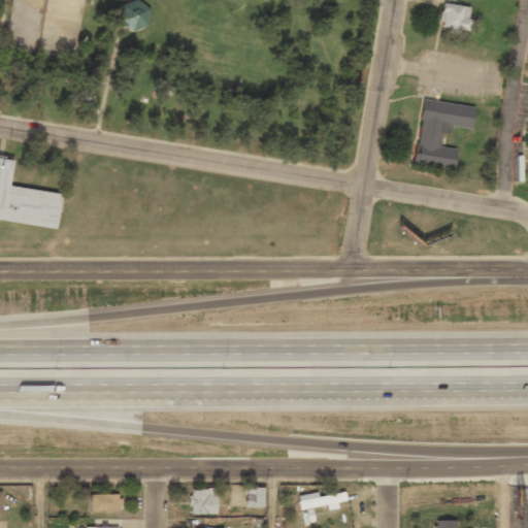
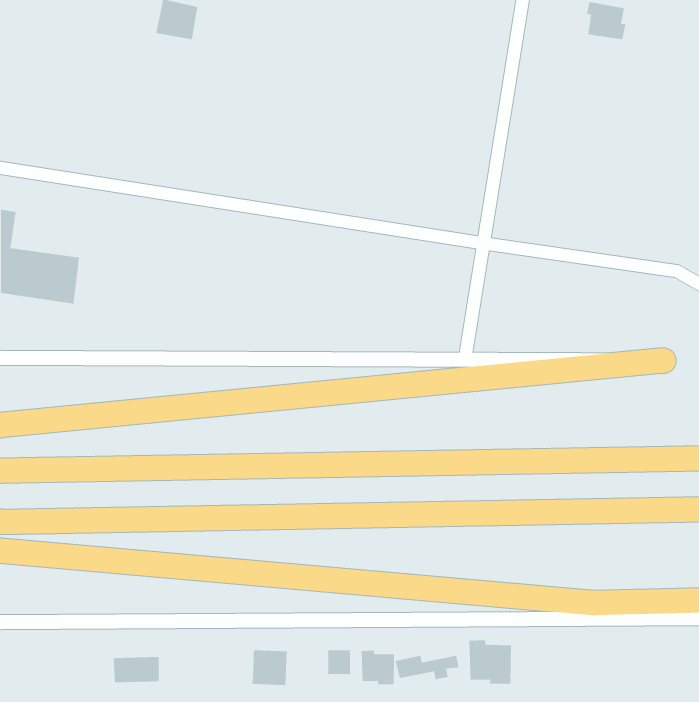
building: [414,97,477,169] -> none
building: none -> [469,639,511,685]
building: none -> [361,650,395,685]

